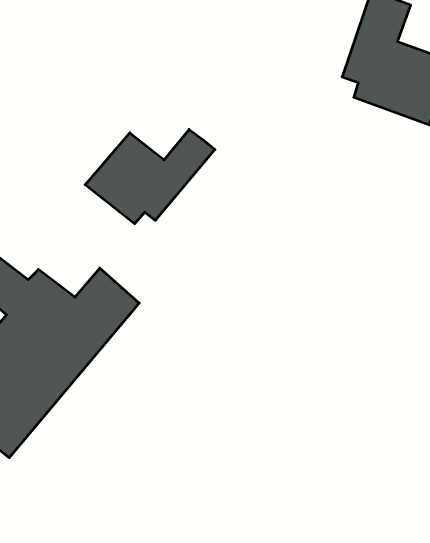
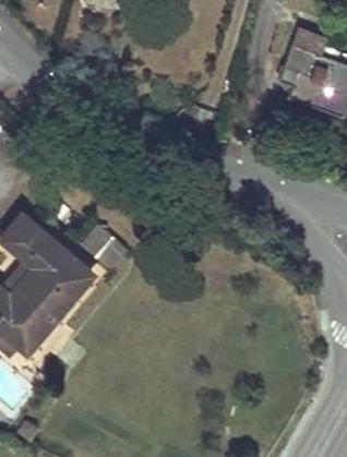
building: [85,129,215,224] -> none

